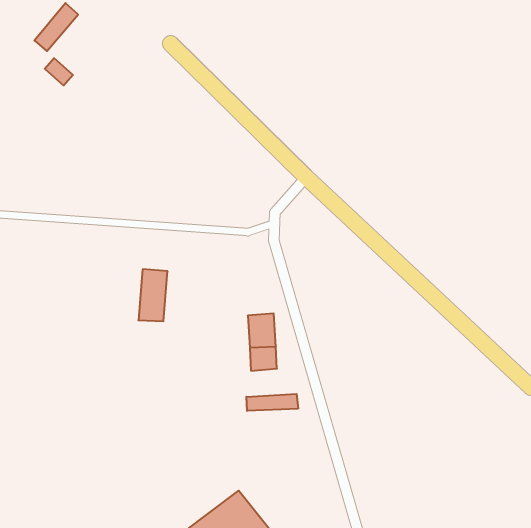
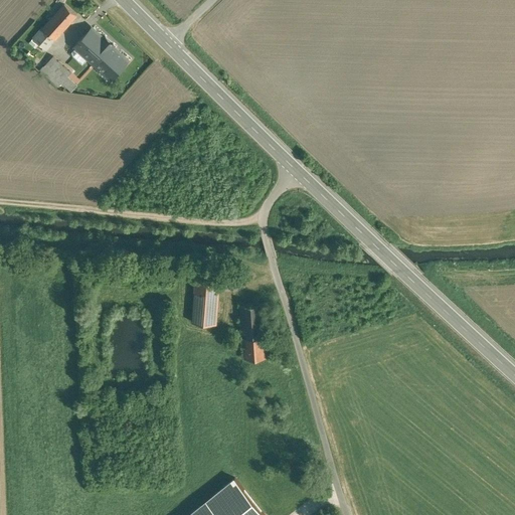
building: none -> [74,31,128,81]
building: [138,269,168,321] -> [191,277,219,327]
building: [246,394,298,411] -> none

